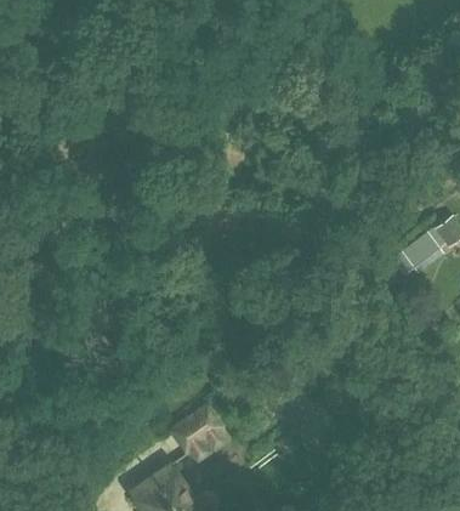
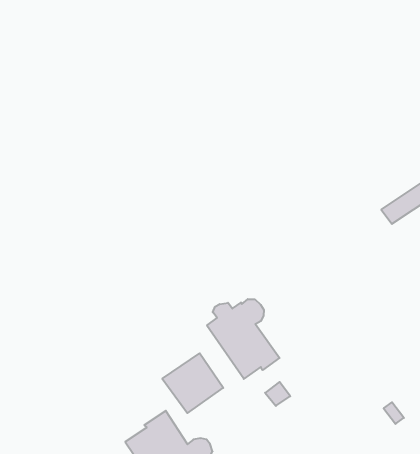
building: none -> [207,299,280,379]

